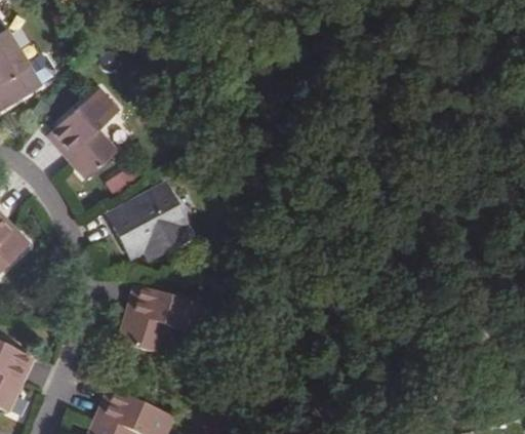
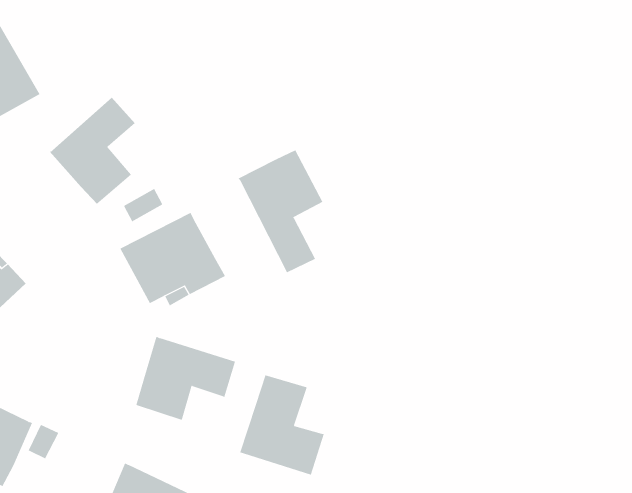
building: none -> [238,150,323,273]
building: none -> [239,374,324,475]

